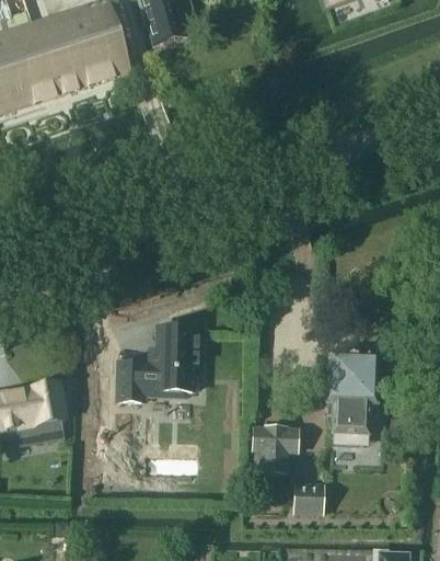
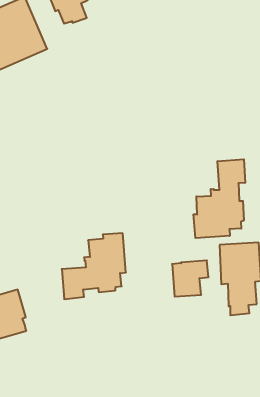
building: none -> [194,159,245,238]
building: [252,425,299,470] -> [172,260,209,297]
building: [296,479,325,508] -> none

